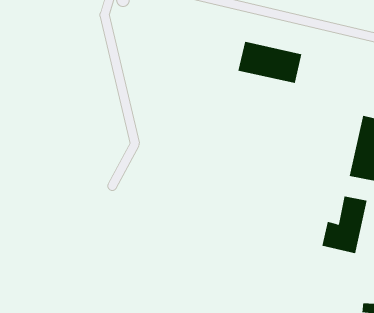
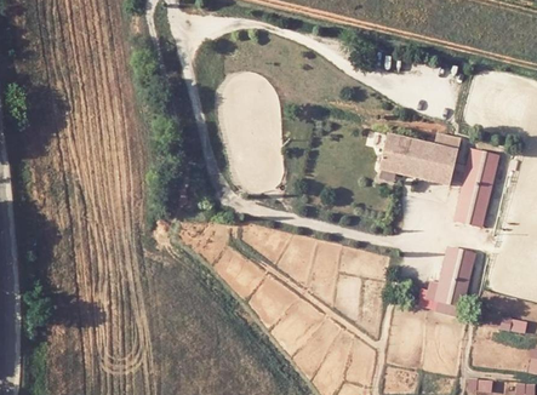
building: [238,41,302,84] -> [378,134,458,187]

